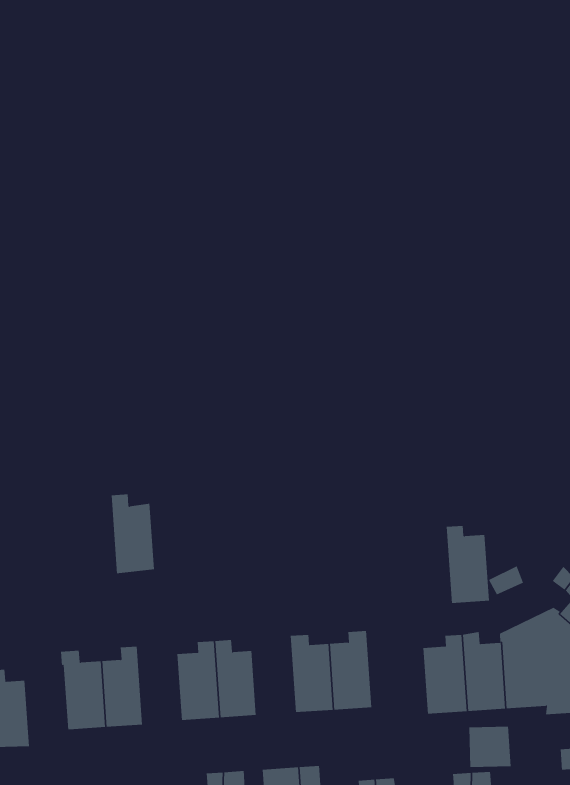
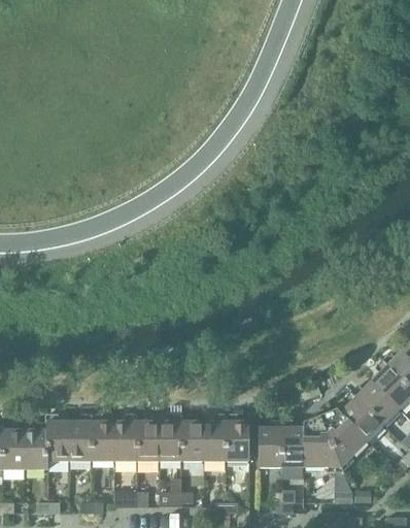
building: [111,494,155,574] -> [91,416,113,462]
building: [446,525,490,604] -> [226,416,248,461]
building: none -> [158,416,180,461]
building: none -> [24,424,47,470]

